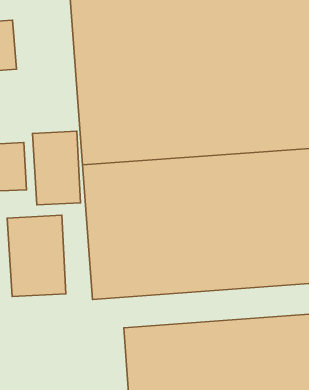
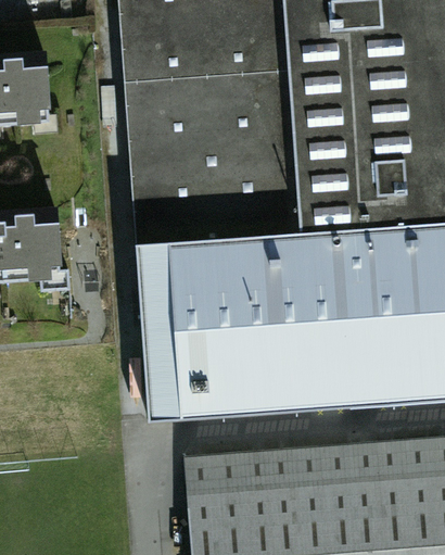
building: [32,131,81,205] -> none
building: [7,215,66,296] -> none

